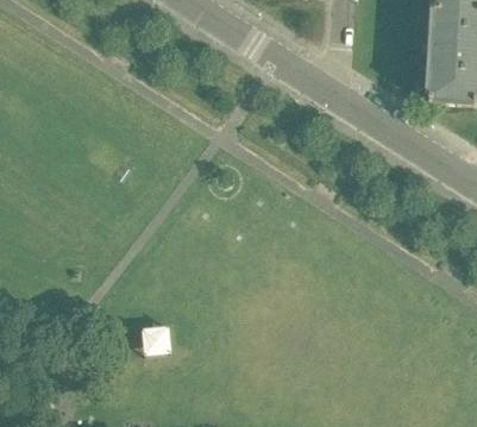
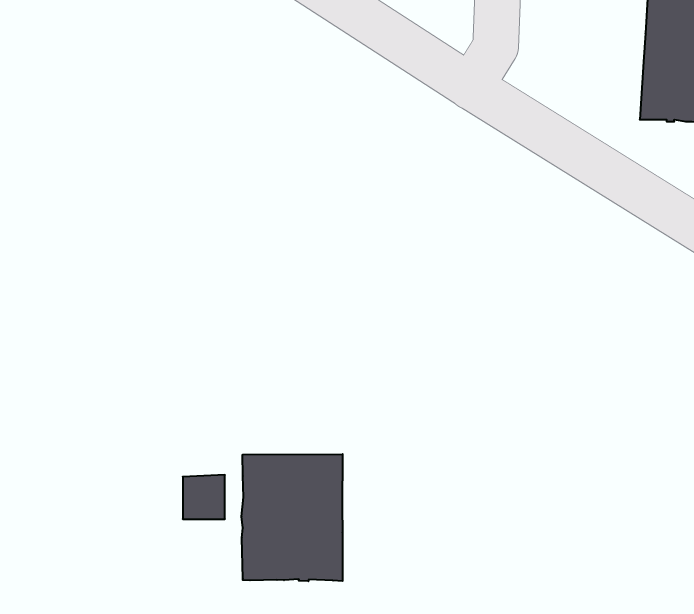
building: none -> [242,454,343,581]

